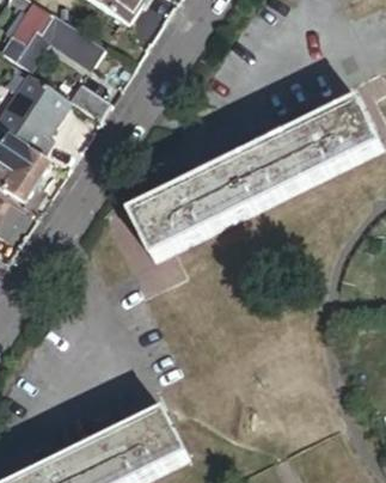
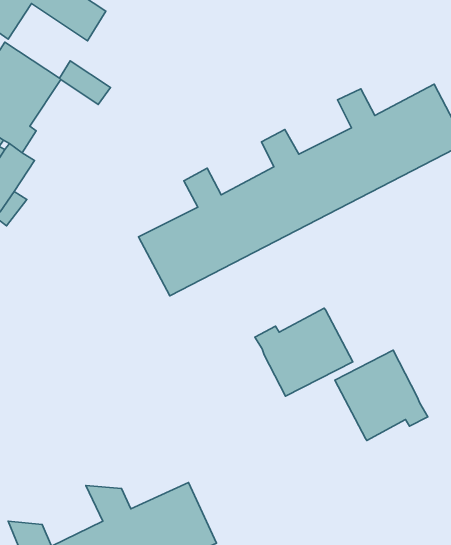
building: none -> [255,308,353,396]
building: none -> [335,350,428,440]

